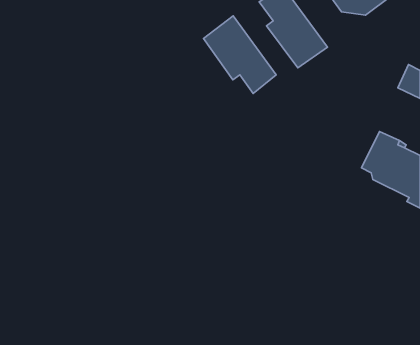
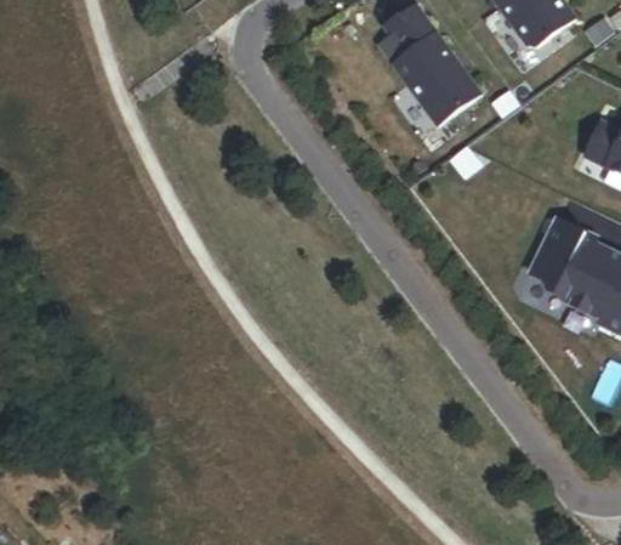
building: [203,16,276,93] -> none

